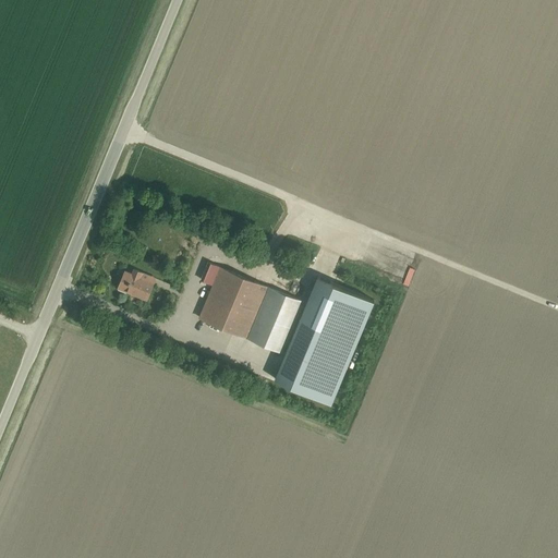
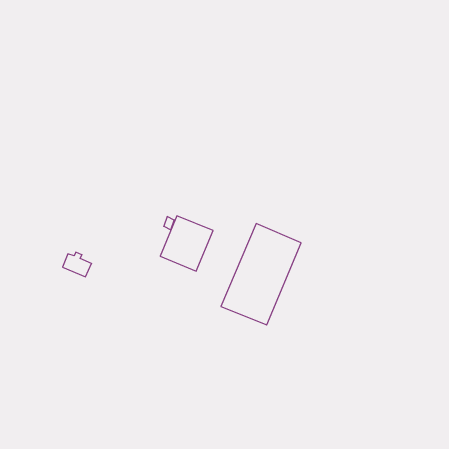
building: [117,270,153,301] -> [63,252,92,277]
building: [243,287,302,353] -> none

